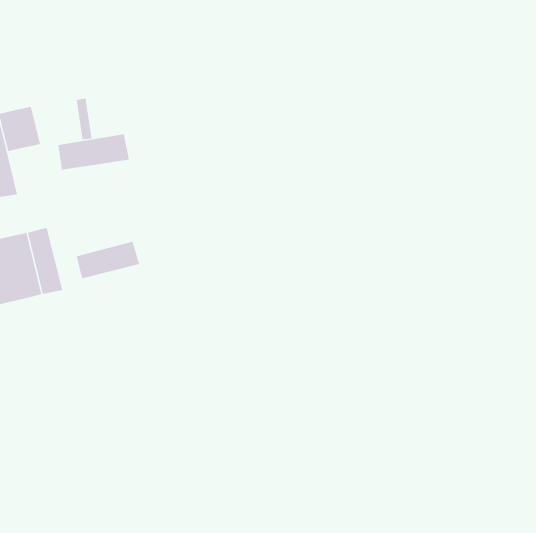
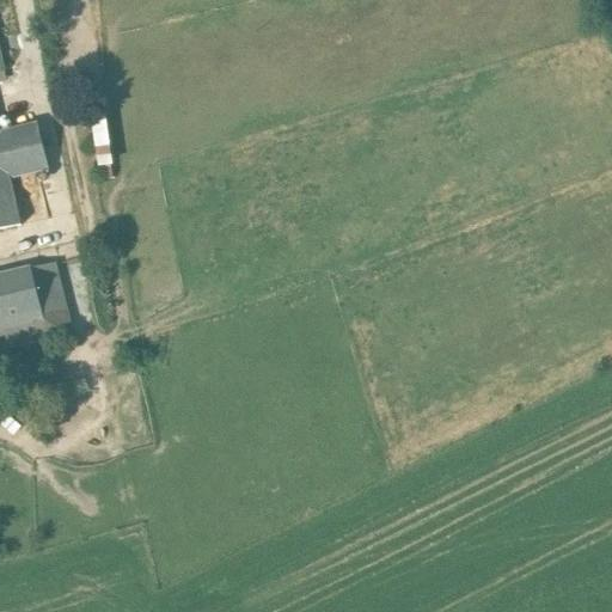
building: [58,133,130,171] -> none
building: [76,241,140,279] -> none

